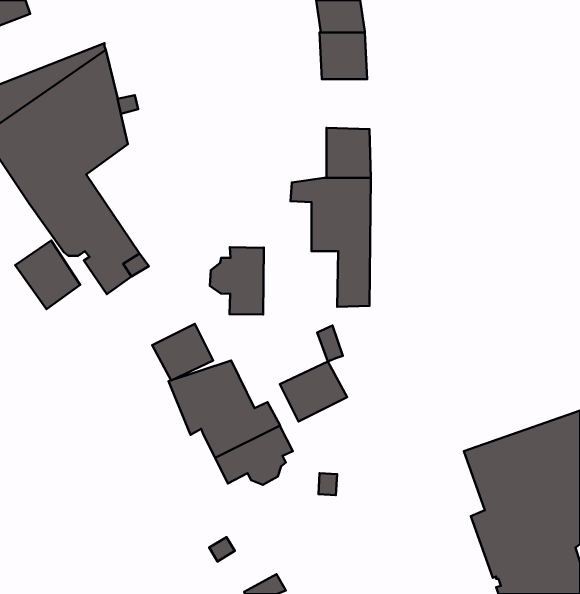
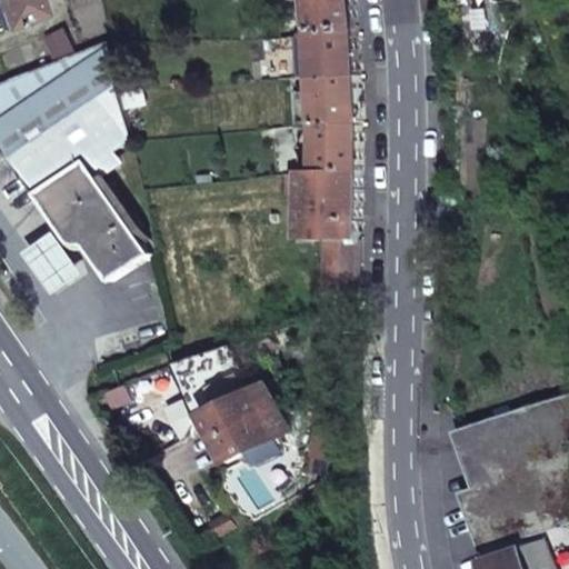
building: none -> [308,76,353,123]
building: [210,247,264,315] -> none
building: [152,324,213,380] -> none
building: [280,362,347,421] -> none

